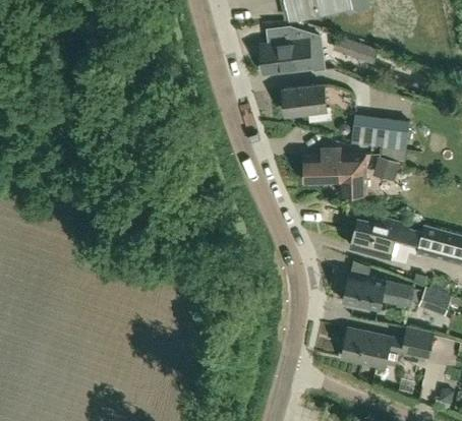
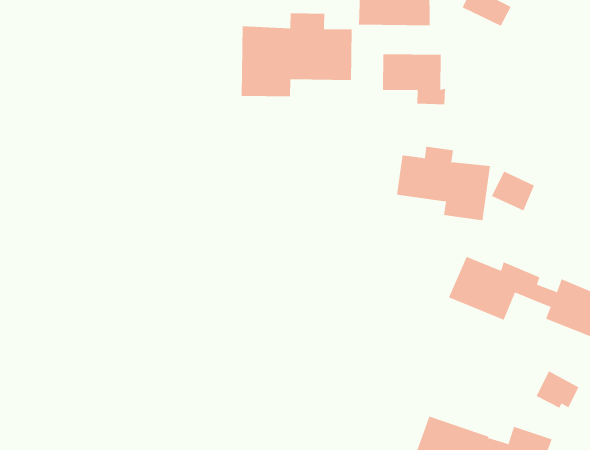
building: none -> [241,13,352,97]
building: [354,114,411,149] -> none
building: [344,274,414,311] -> none

